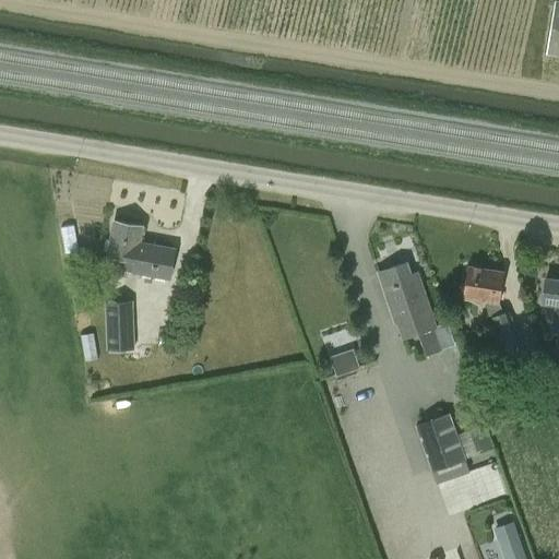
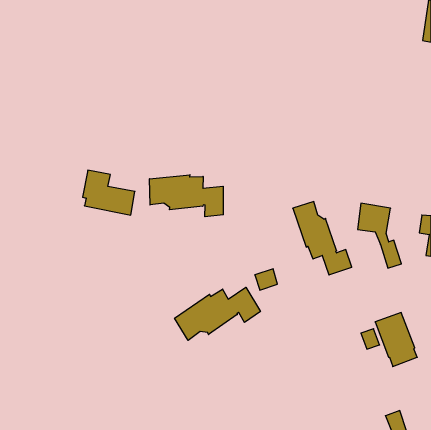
building: none -> [150,175,223,217]
building: [105,301,134,350] -> none
building: none -> [175,287,260,340]
building: [415,414,469,484] -> [375,313,417,367]

